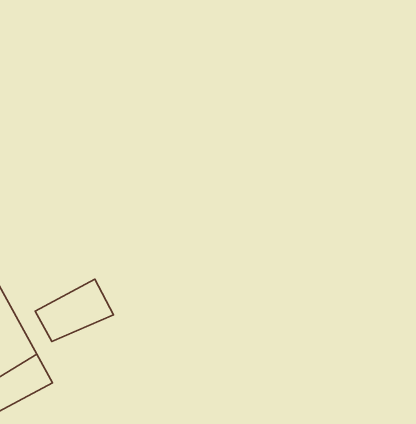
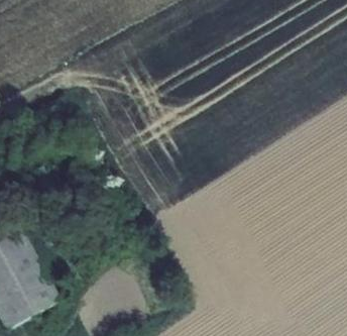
building: [35,279,114,342] -> none

